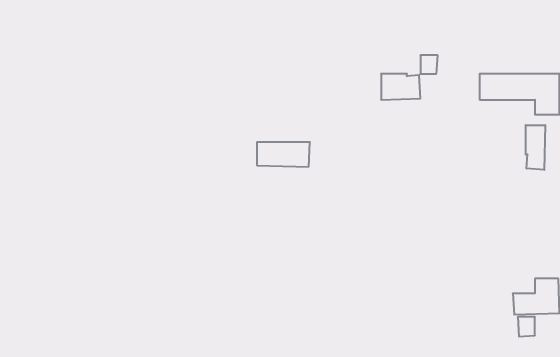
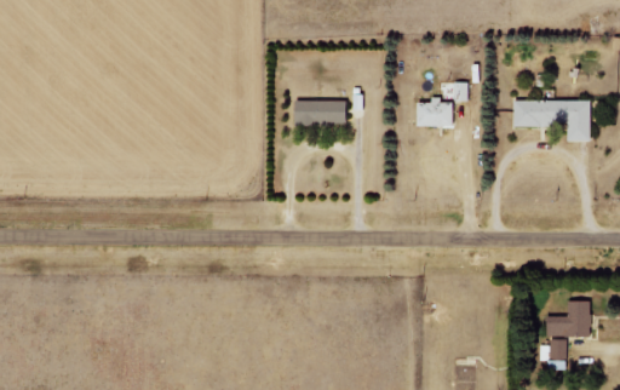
building: [526,125,545,170] -> none
building: [257,142,310,167] -> [292,101,344,125]

